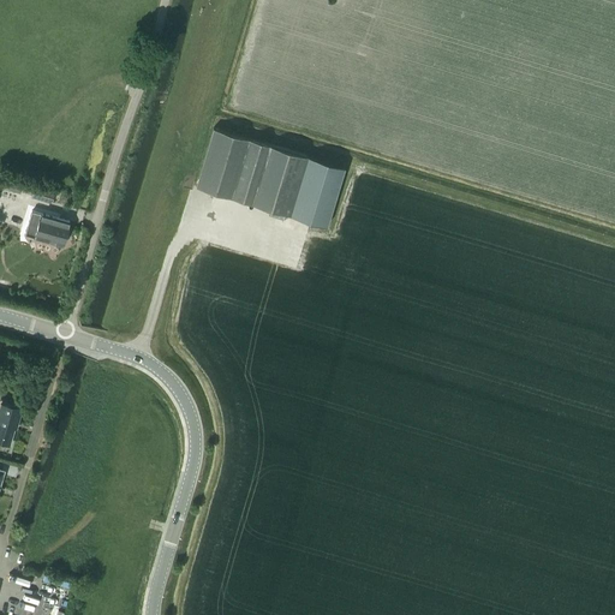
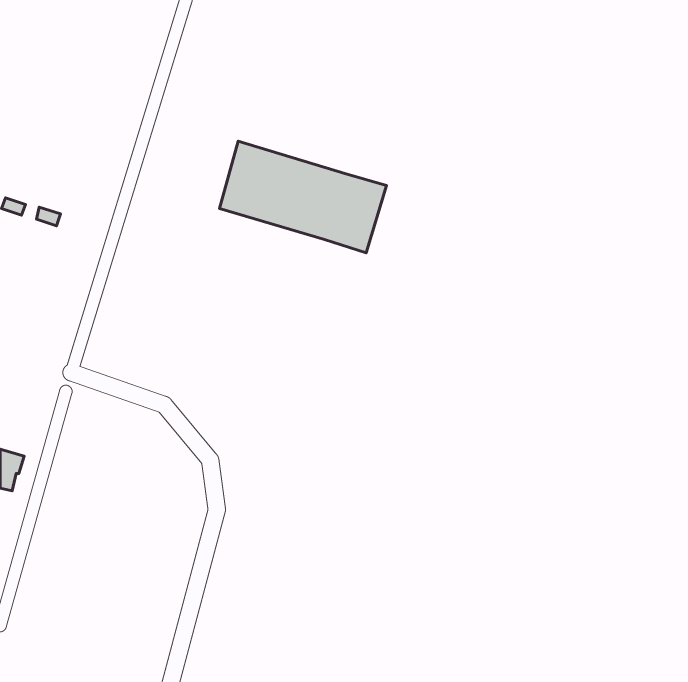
building: [35,217,68,249] -> none

